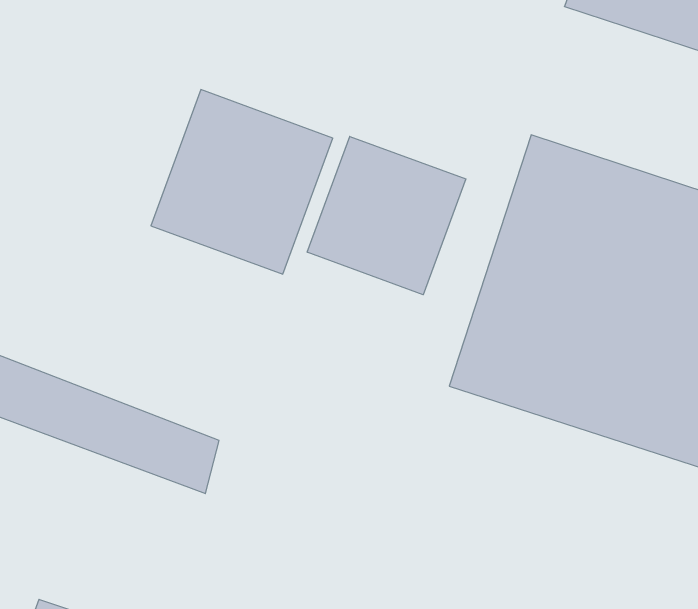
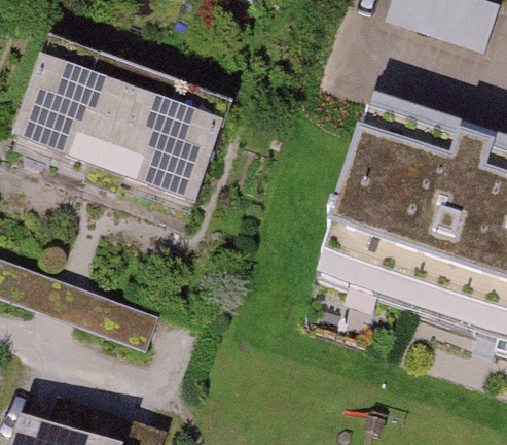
building: none -> [17,42,141,168]
building: [307,136,466,295] -> none

